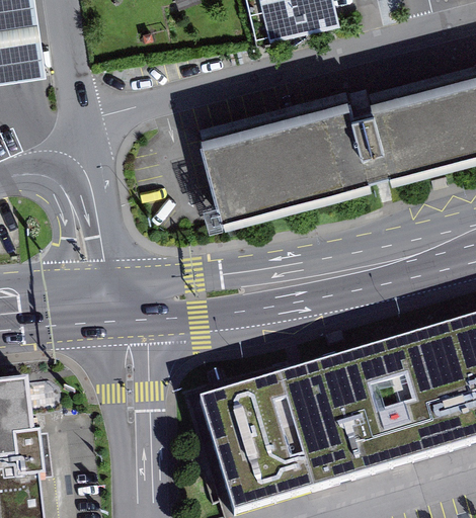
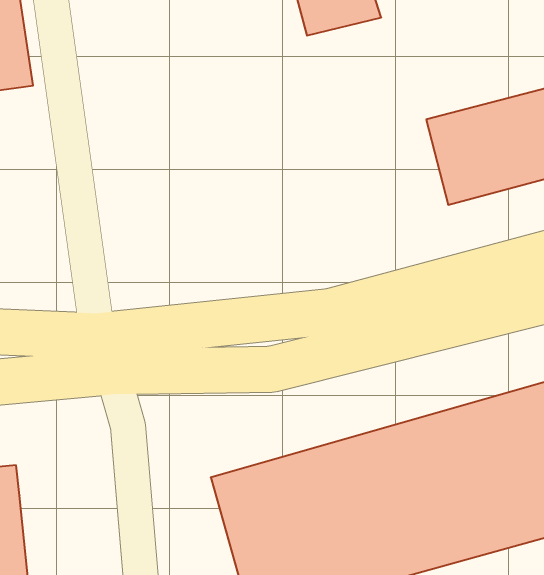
building: [204,86,391,213] -> none

